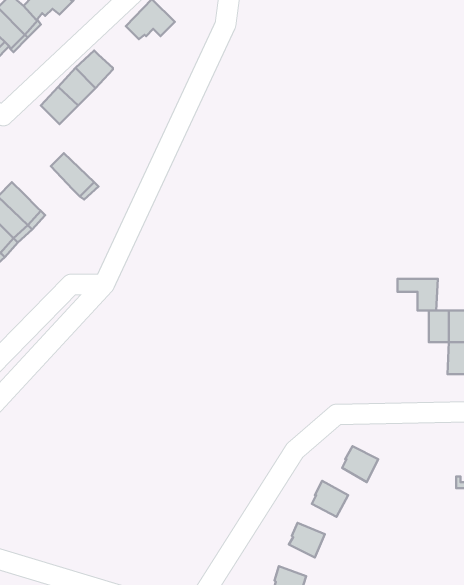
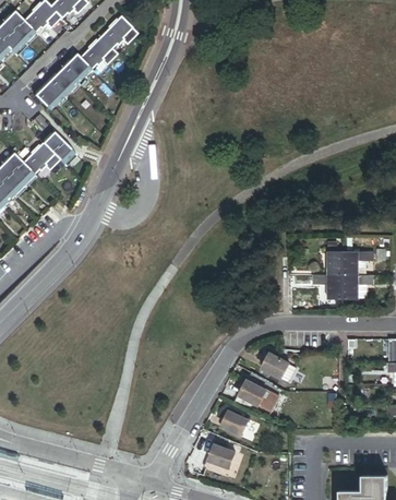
building: none -> [77,36,116,68]
building: none -> [21,142,58,174]
building: [397,279,438,311] -> [312,275,343,299]

